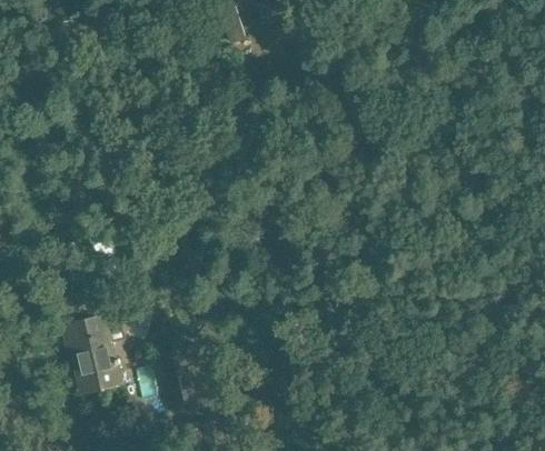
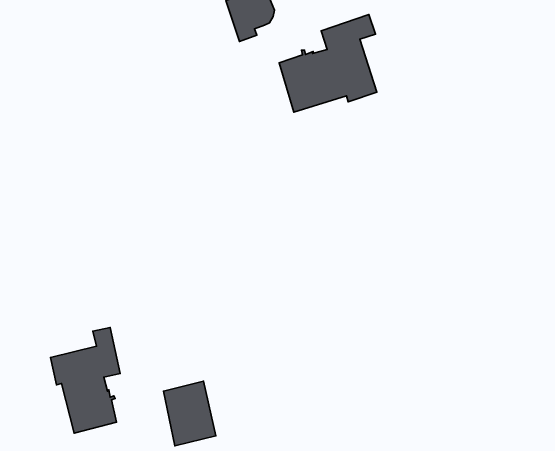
building: none -> [279,14,377,112]

